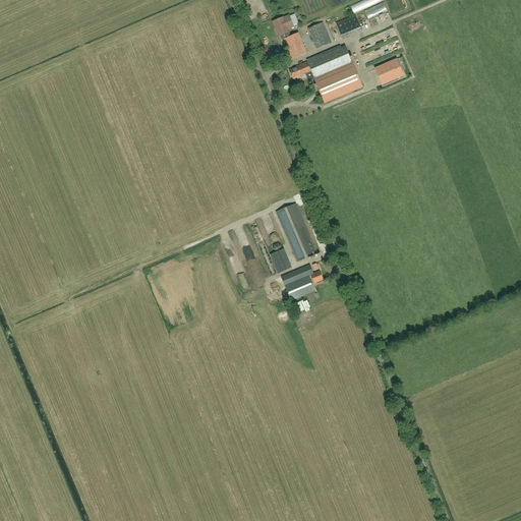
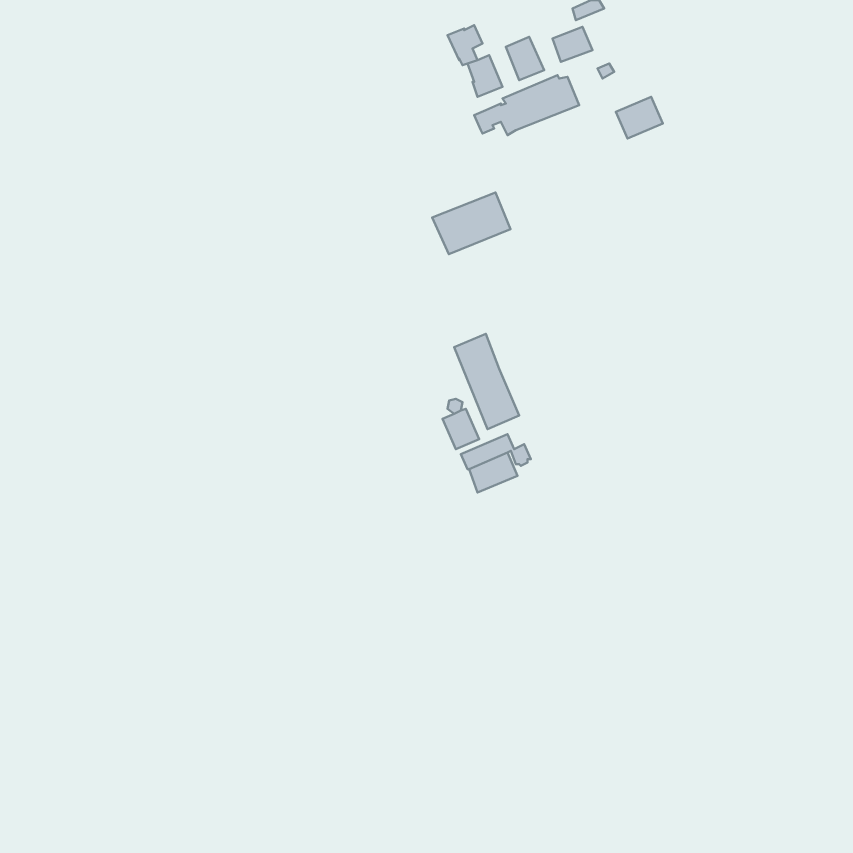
building: [314,64,362,102] -> [432,192,511,254]

